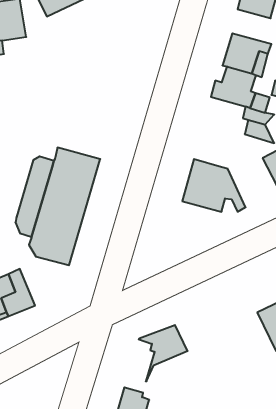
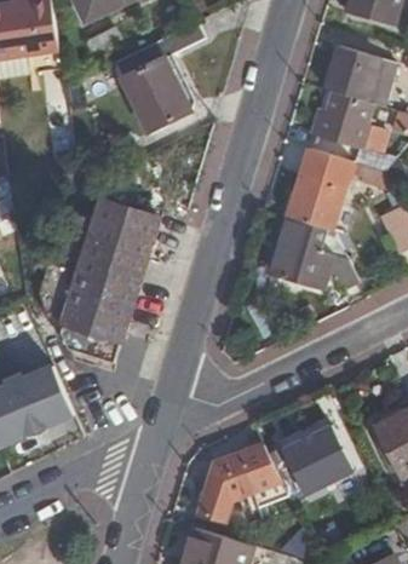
building: none -> [113,24,205,137]
building: none -> [288,148,345,228]
building: none -> [282,422,354,493]
building: none -> [199,461,235,518]

